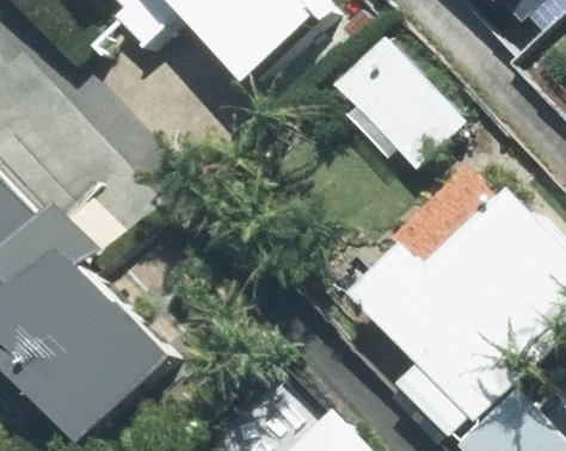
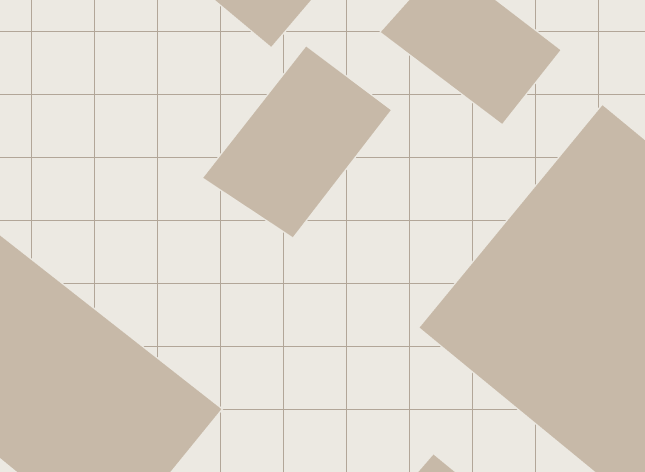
building: none -> [202,46,392,238]

